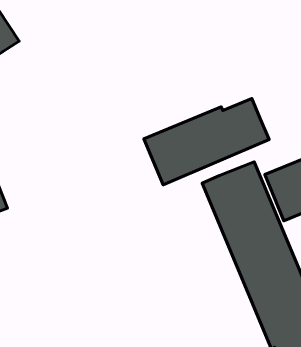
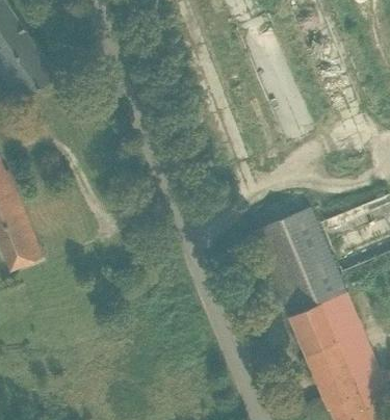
building: [144,99,269,185] -> none

